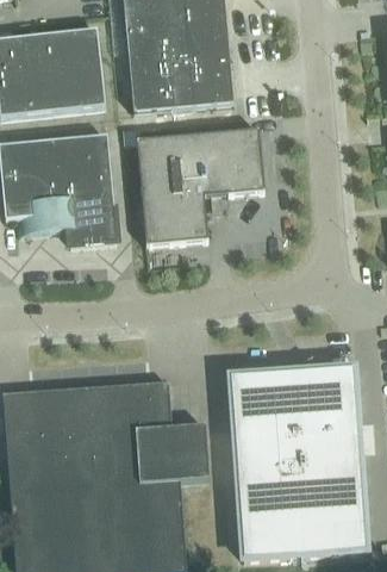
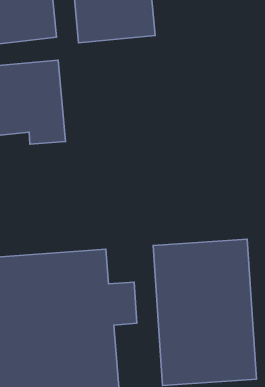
building: [137,128,264,244] -> none

